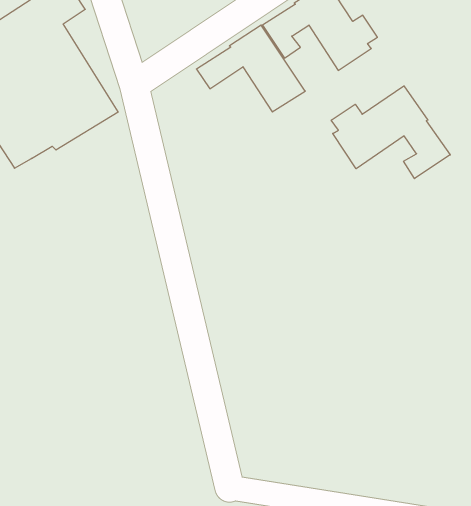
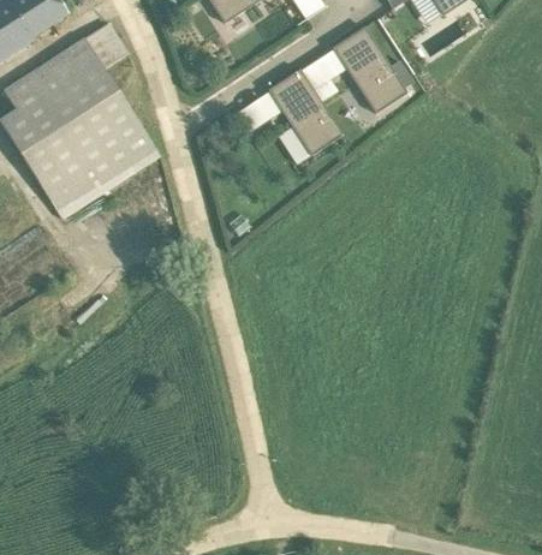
building: [331,86,450,179] -> none

